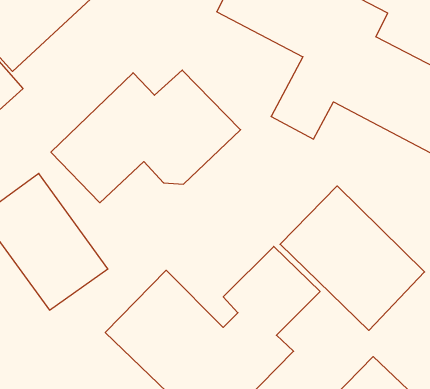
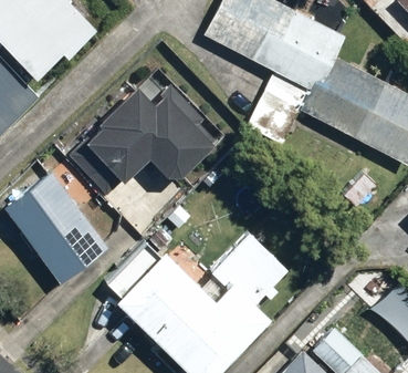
building: [280,186,425,330] -> none

